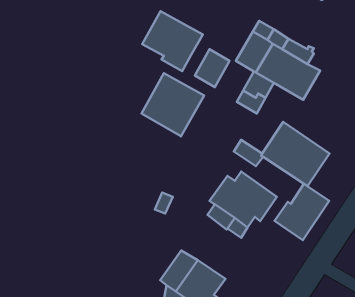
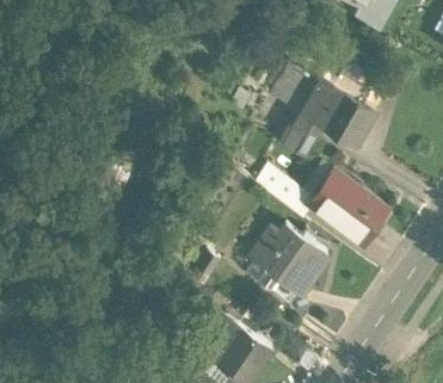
building: [142,11,203,71] -> none
building: [141,73,204,137] -> none
building: [275,184,329,240] -> none

